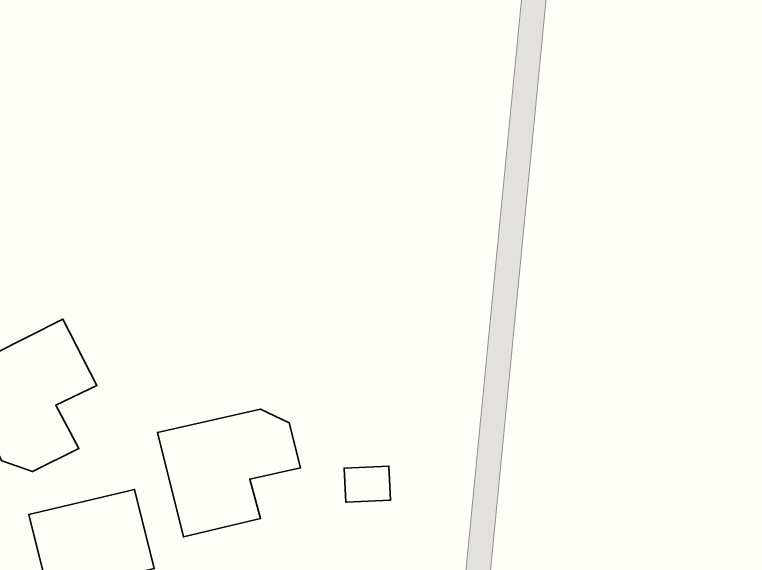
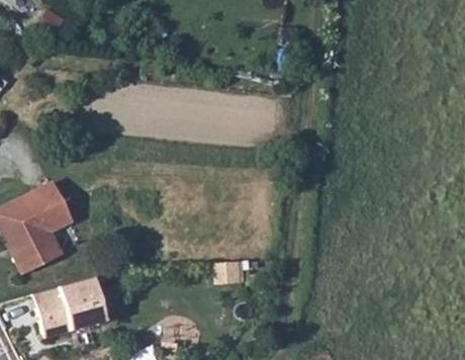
building: [157,409,301,537] -> none

